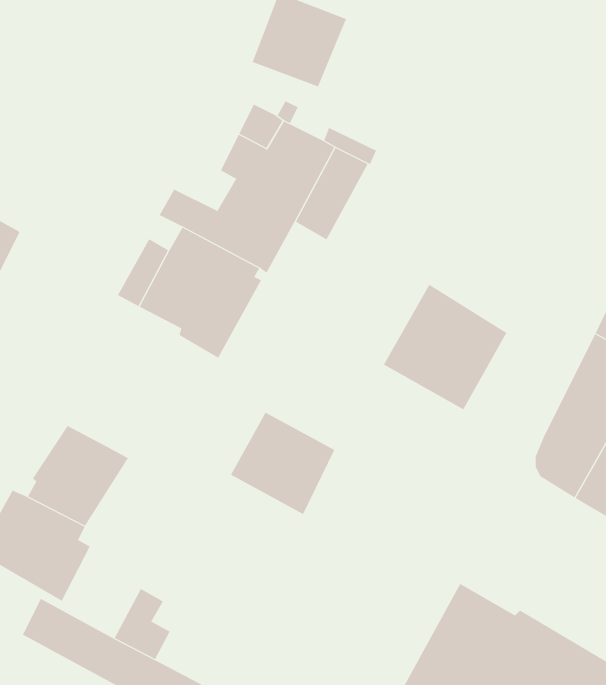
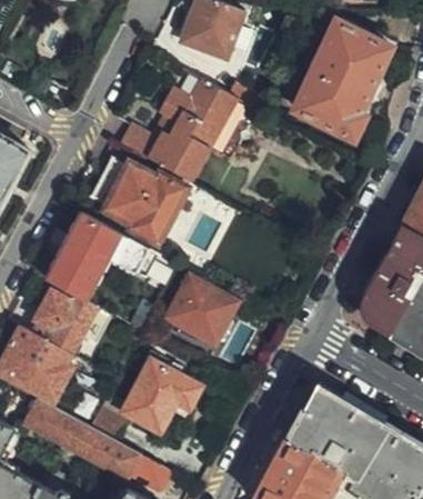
building: none -> [291,21,391,143]
building: [383,284,507,410] -> none
building: none -> [47,211,152,302]
building: none -> [119,360,200,435]

